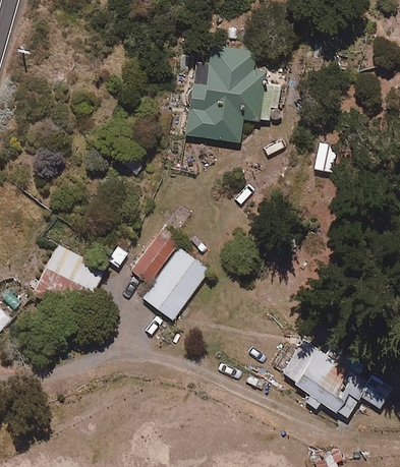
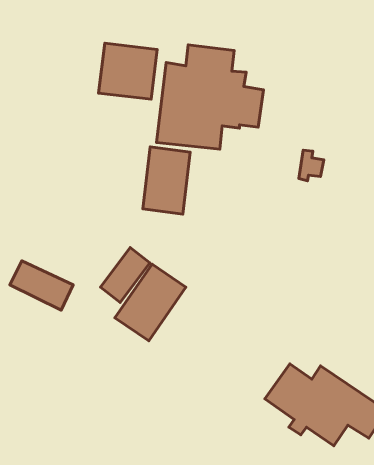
building: none -> [99,43,157,99]
building: none -> [143,147,190,214]

